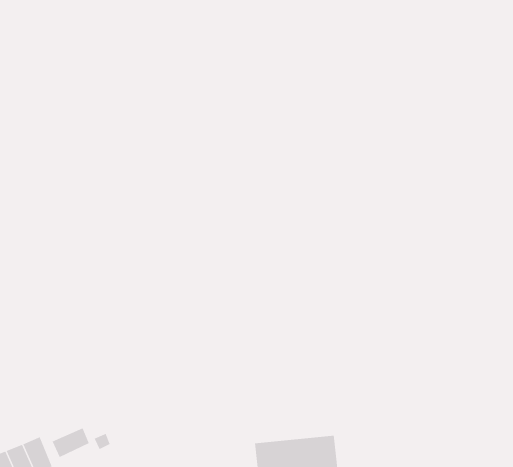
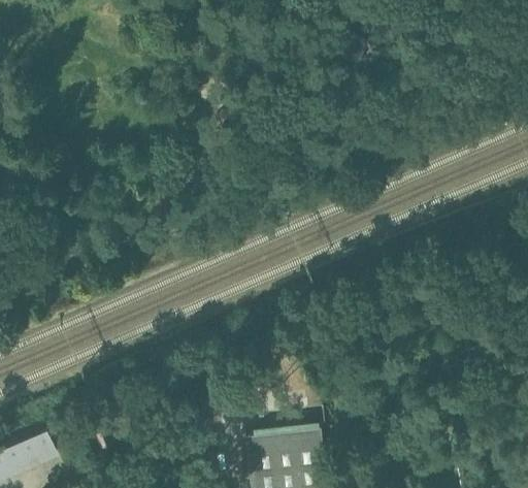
building: [52,427,89,458] -> none

